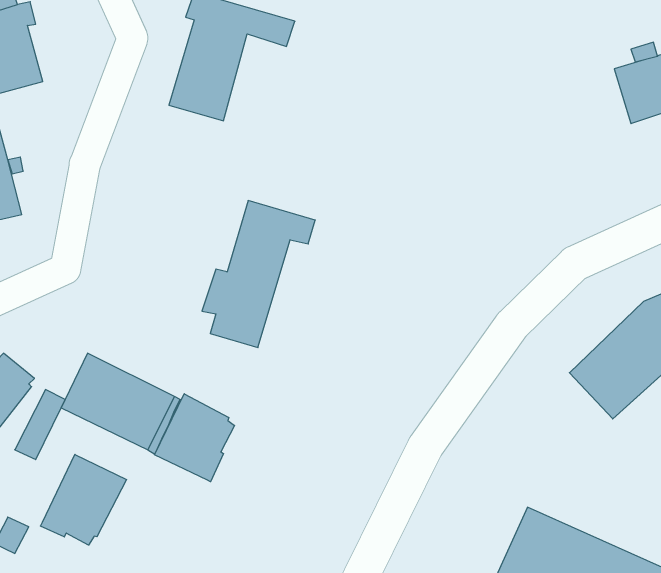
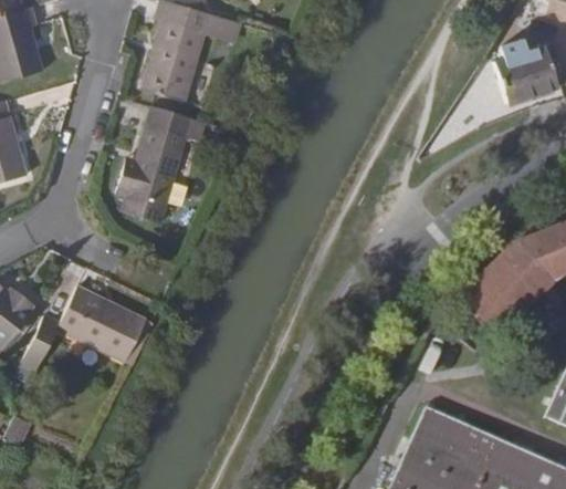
building: [202,201,315,348] -> [115,105,205,221]
building: [155,394,235,482] -> none
building: [40,454,127,545] -> none

